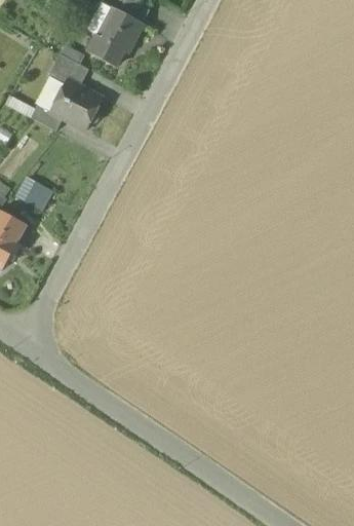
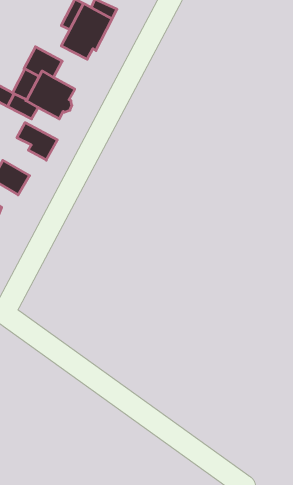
building: none -> [17,123,57,160]

